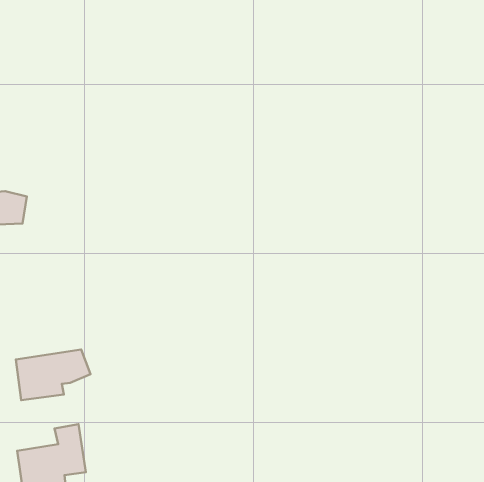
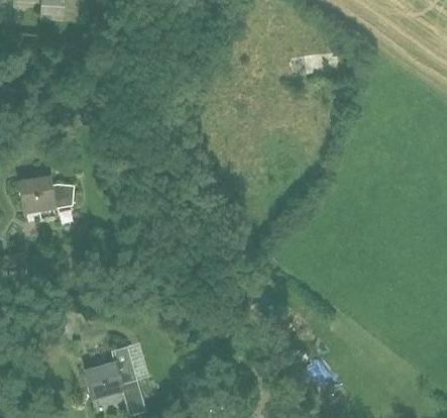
building: [16,350,90,400] -> none

